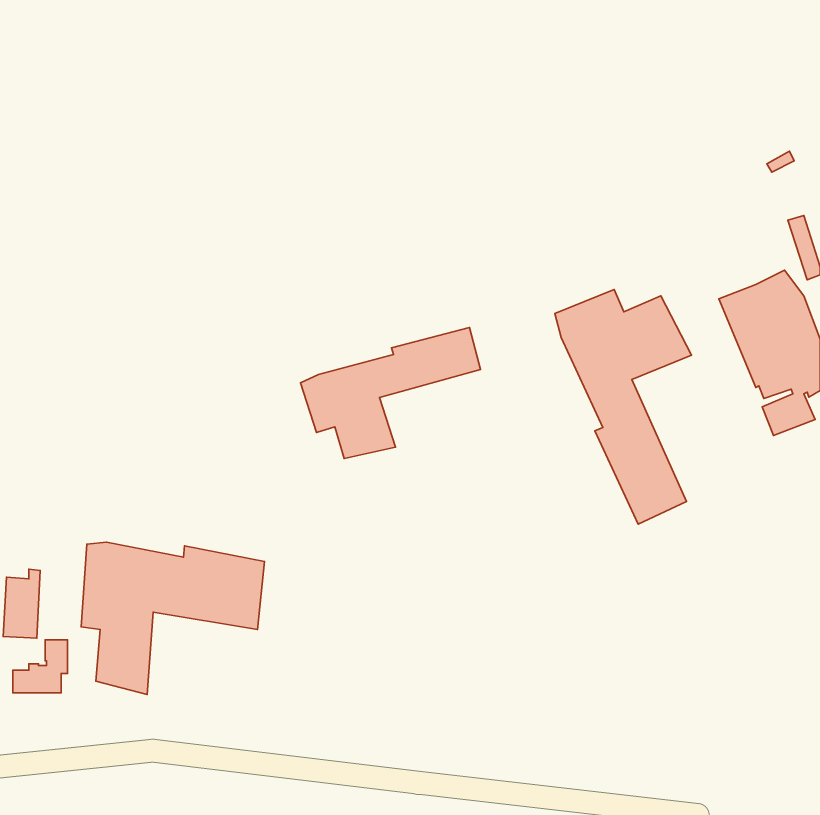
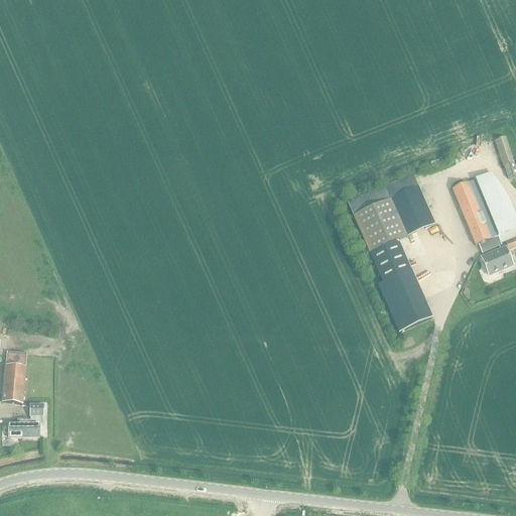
building: [301,328,481,458] -> none
building: [81,542,264,695] -> none

